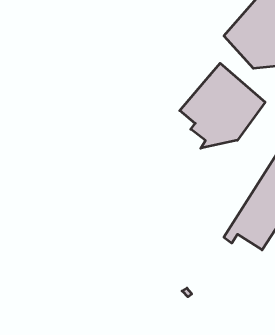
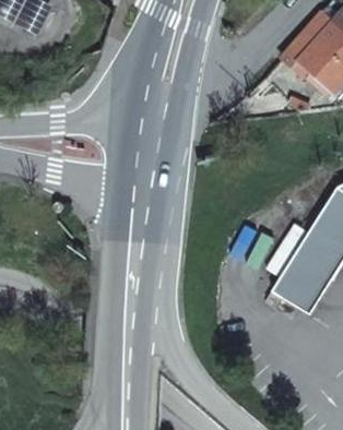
building: [180,63,265,148] -> none

